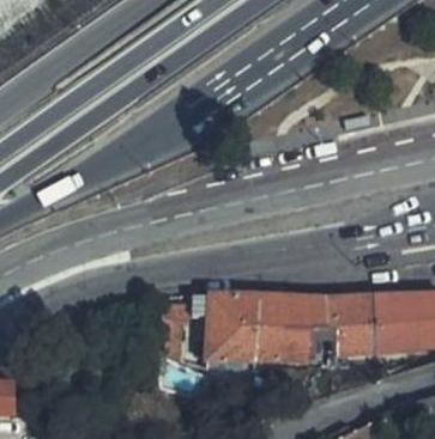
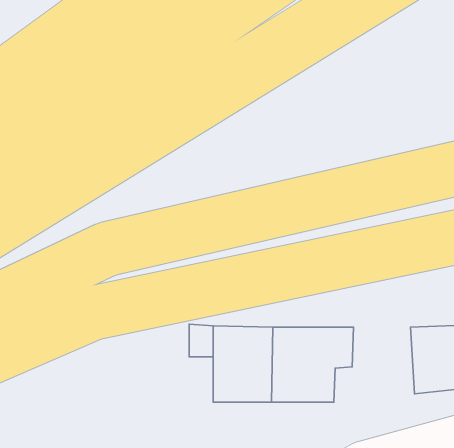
building: [326,295,379,355] -> none

